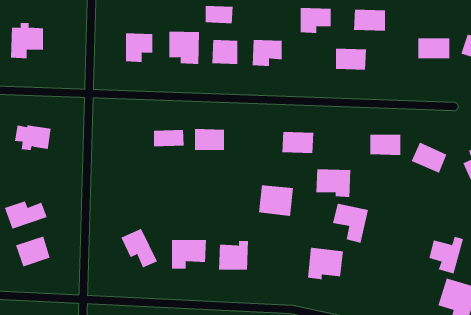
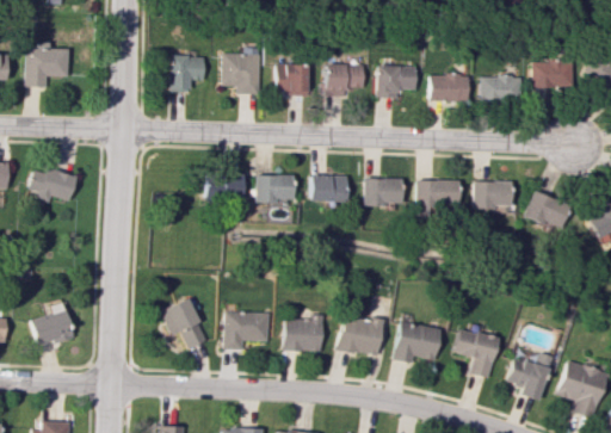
building: [205,5,233,24] -> none
building: [300,8,331,33] -> [377,66,416,98]
building: [353,9,386,31] -> [480,75,520,103]
building: none -> [310,174,347,202]
building: [316,169,351,198] -> [415,179,459,215]
building: [258,185,294,216] -> [338,316,382,355]
building: [4,200,48,229] -> none
building: [332,203,369,243] -> [455,328,500,378]
building: [428,236,464,274] -> [508,353,553,401]

